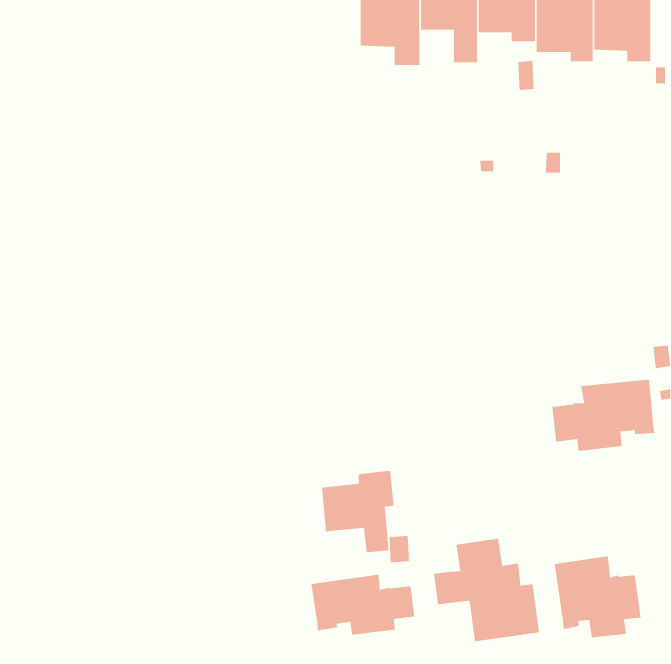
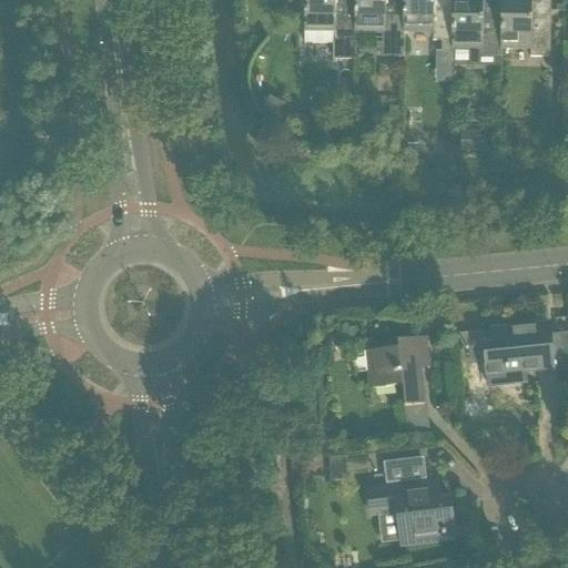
building: [321,470,395,553] -> [366,333,428,403]
building: [554,556,641,638] -> none
building: [311,574,415,635] -> none

